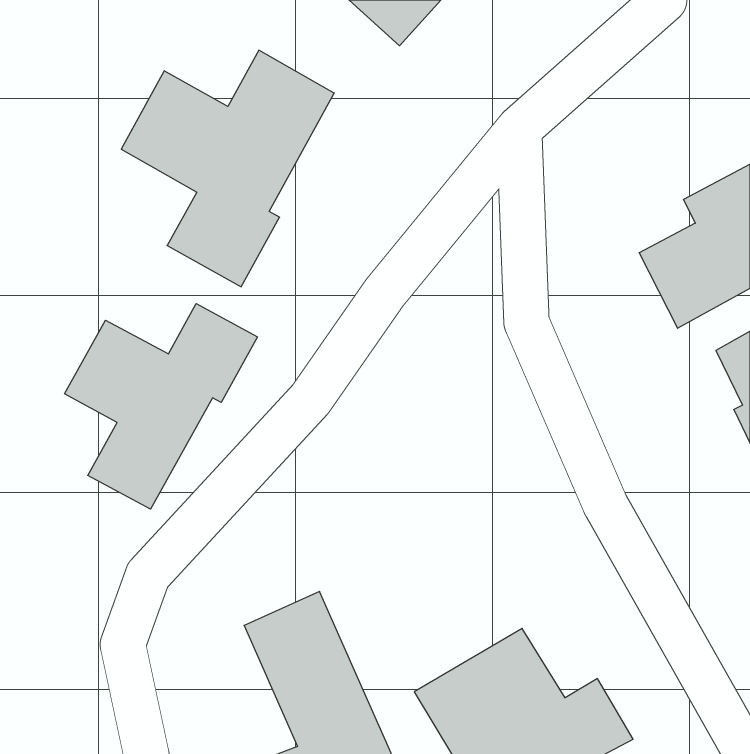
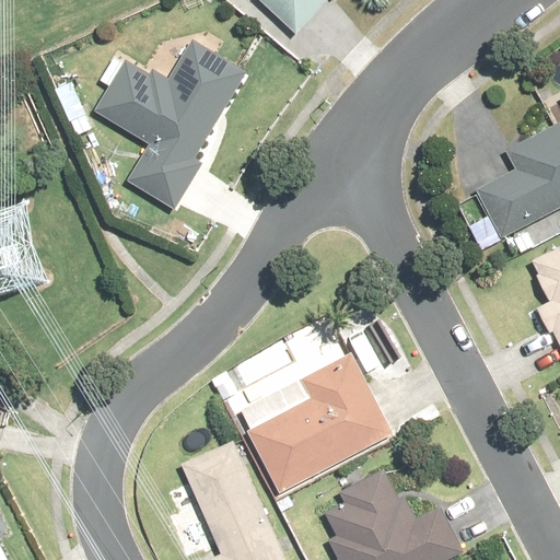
building: [65,304,257,509] -> none
building: none -> [246,349,399,494]

